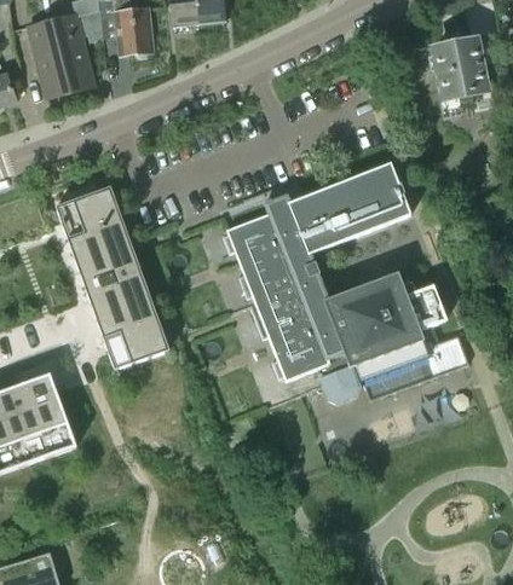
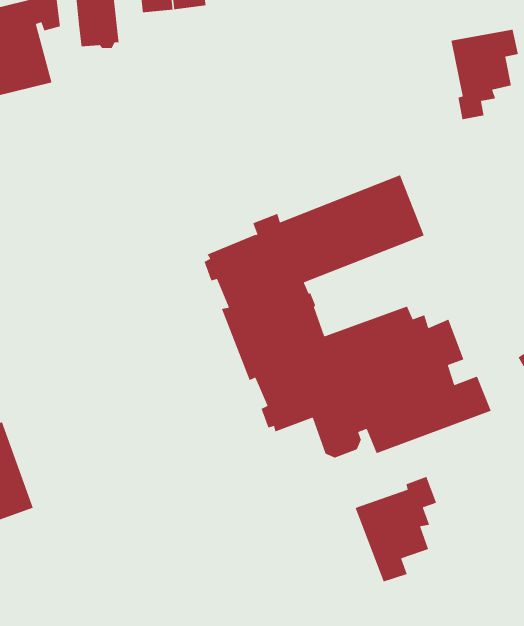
building: [57,186,171,370] -> none
building: none -> [355,476,437,583]

